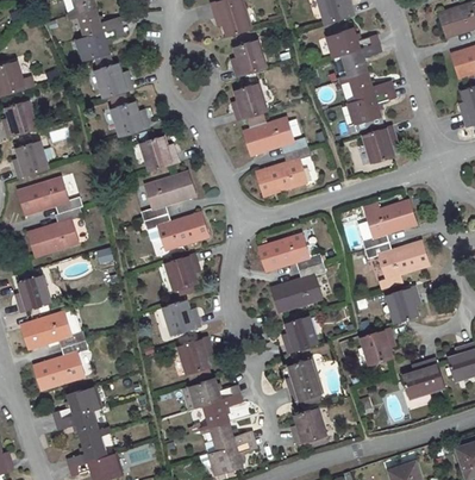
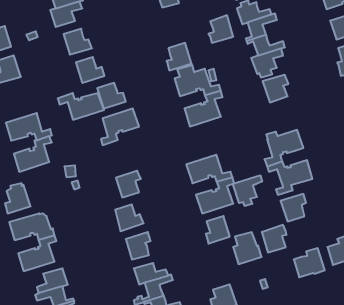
building: [231,39,264,76] -> [208,15,233,43]
building: [14,139,48,177] -> none
building: [146,213,208,249] -> [58,93,104,120]
building: none -> [233,175,262,206]
building: [286,359,324,401] -> [233,232,262,264]

